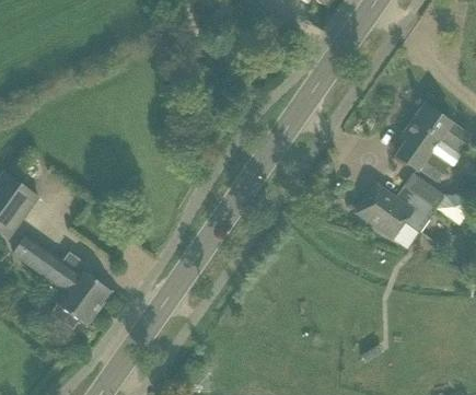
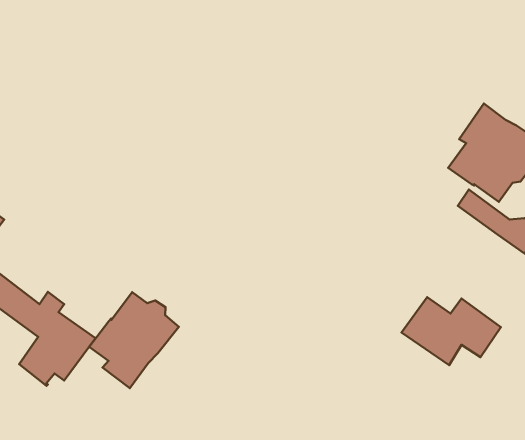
building: [355,185,434,240] -> [401,297,501,365]
building: none -> [89,292,179,388]

